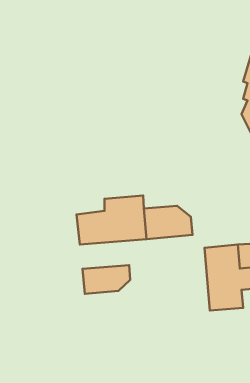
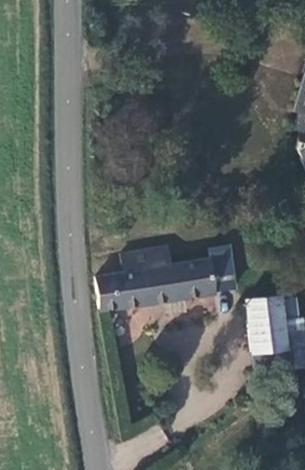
building: [82,265,130,294] -> none

